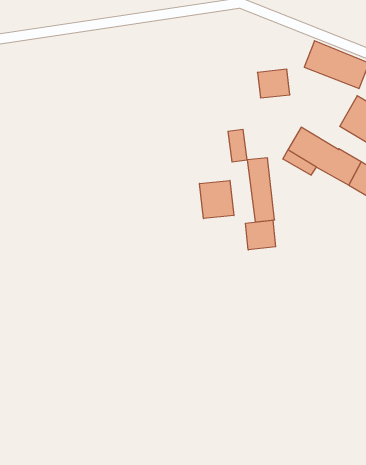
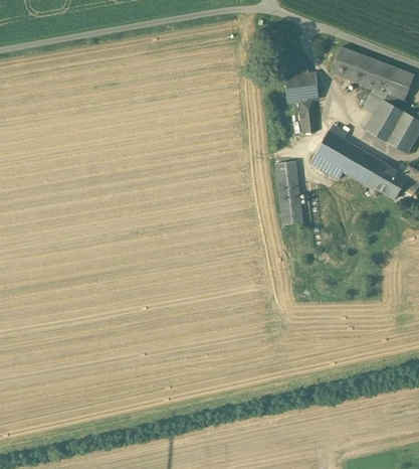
building: [228,129,247,162] -> [297,102,317,134]
building: [200,180,234,219] -> none
building: [246,220,276,250] -> none

